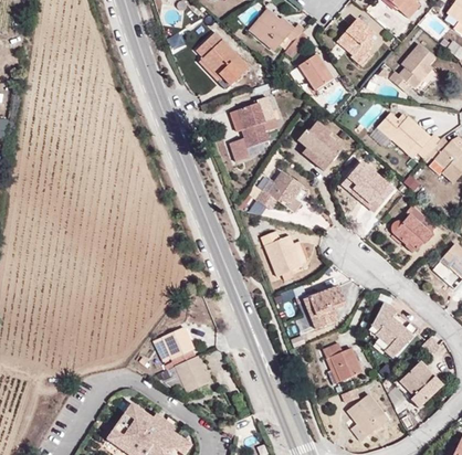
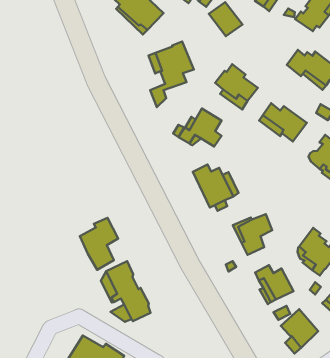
building: none -> [80,218,118,270]

